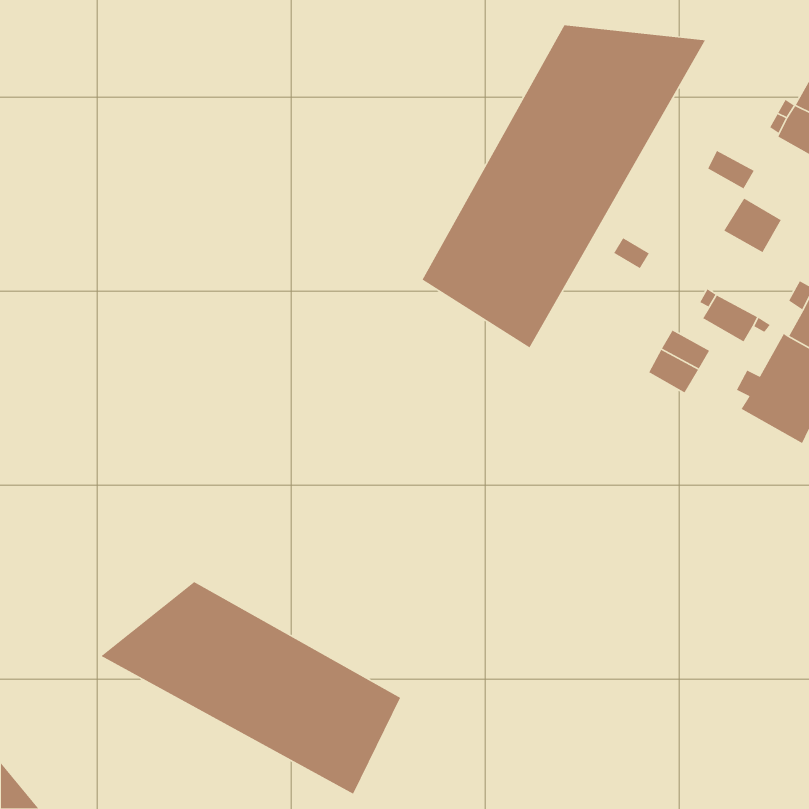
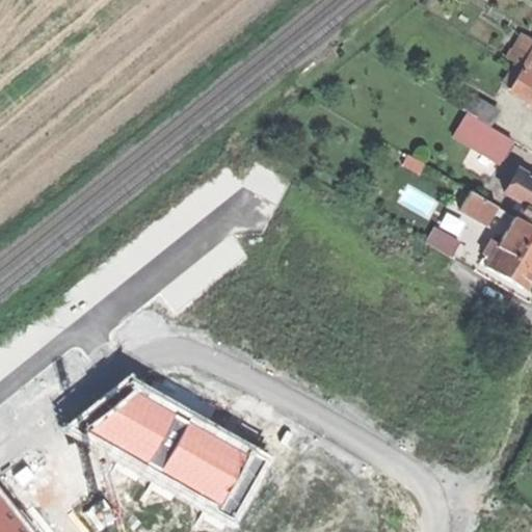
building: [421,24,706,348] -> none

